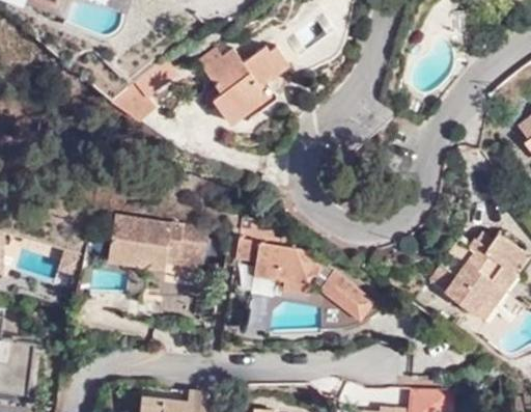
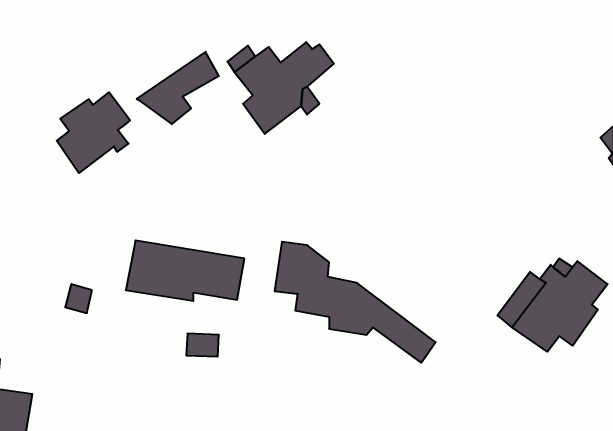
building: none -> [57,92,130,173]

